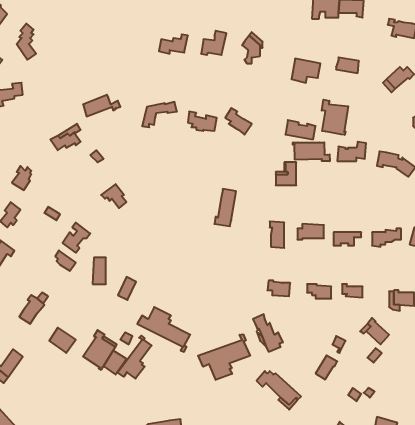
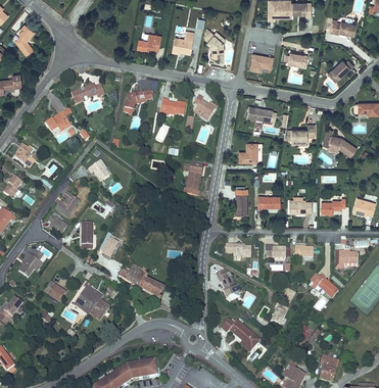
building: [322,100,348,135] -> none
building: [293,142,330,161] -> none
building: [198,334,250,380] -> none
building: [117,336,152,379] -> none

